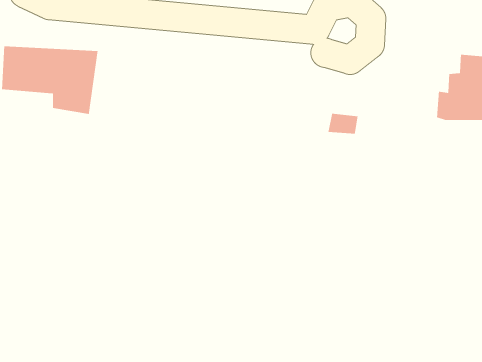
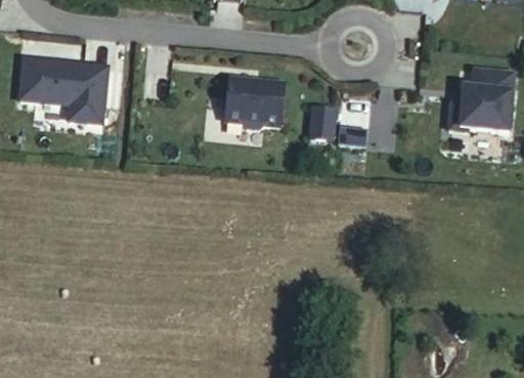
building: none -> [221,75,285,129]
building: none -> [307,107,338,141]

